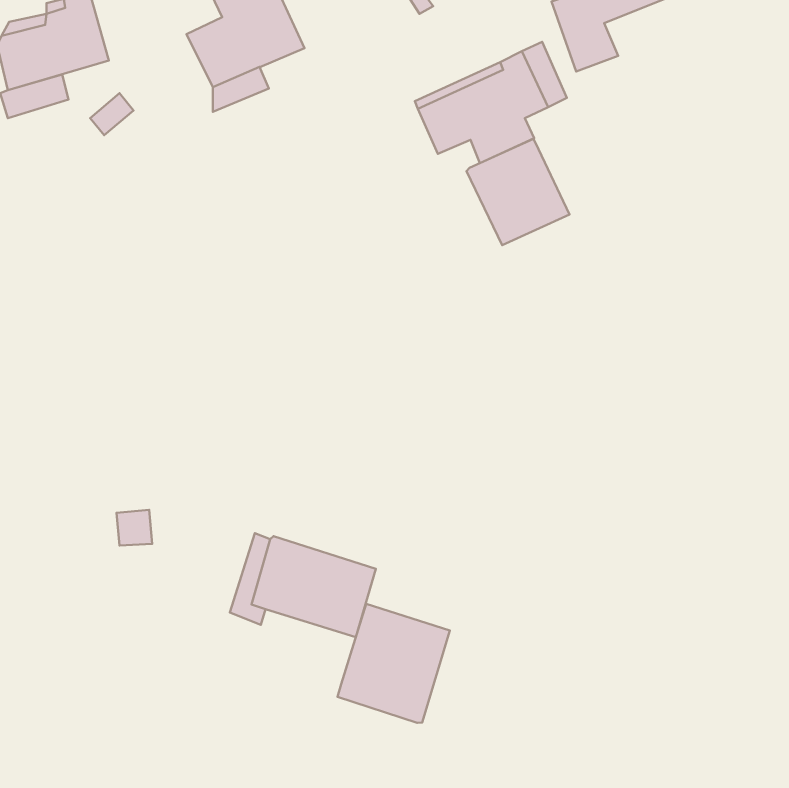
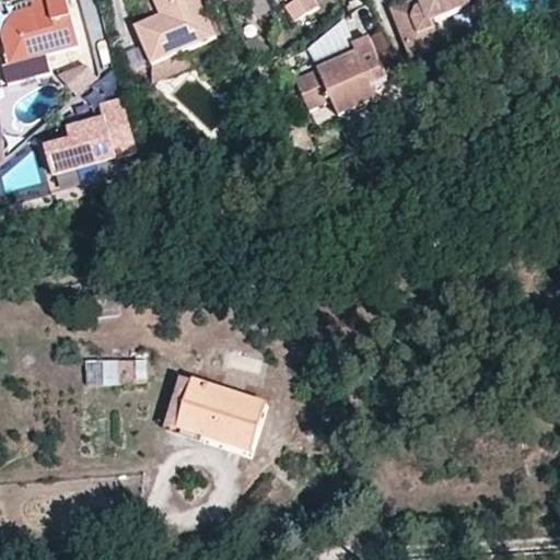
building: none -> [48,93,136,170]
building: [466,139,569,245] -> none
building: [338,604,450,723] -> none

